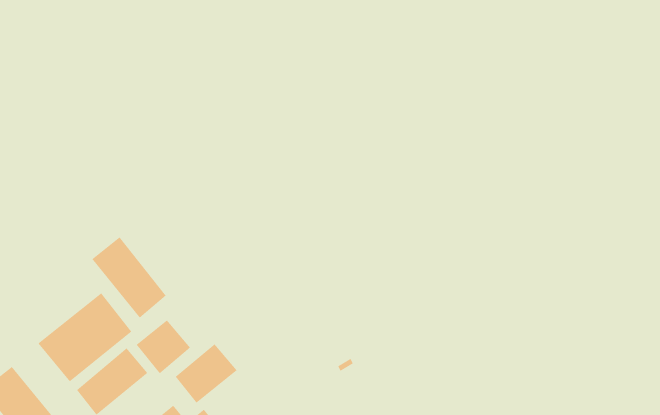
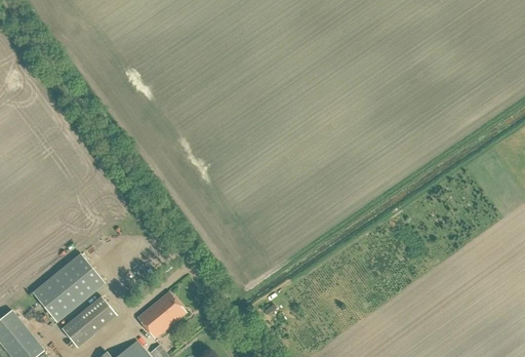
building: [91,237,166,318] -> none
building: [136,320,191,374] -> none

